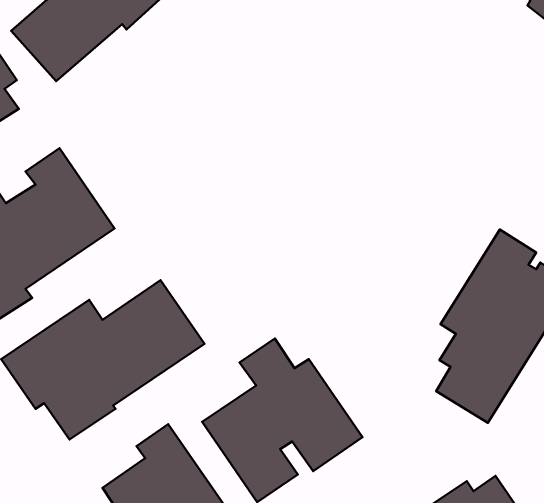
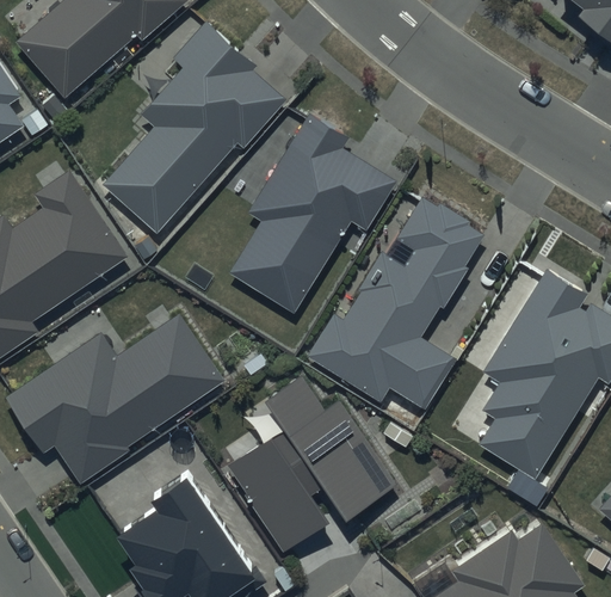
building: none -> [103,23,286,234]
building: none -> [230,105,397,306]
building: none -> [309,187,483,399]

